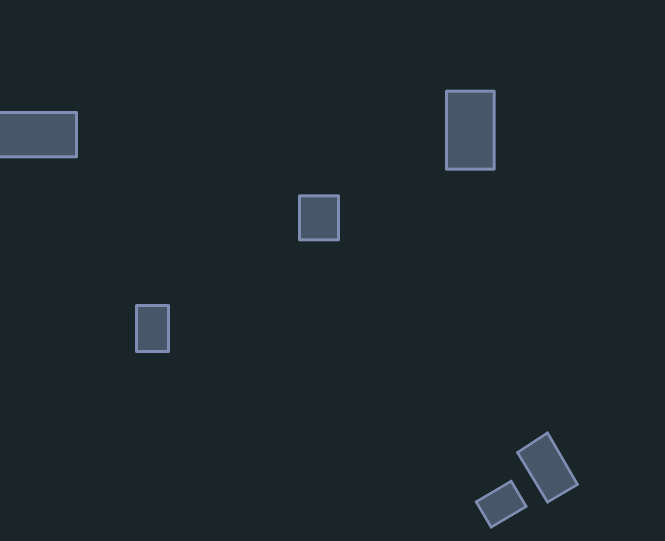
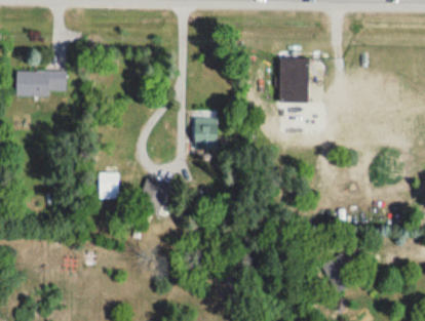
building: none -> [138,179,167,214]
building: [476,481,526,527] -> none

